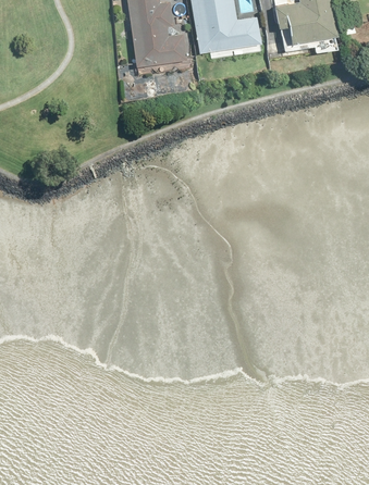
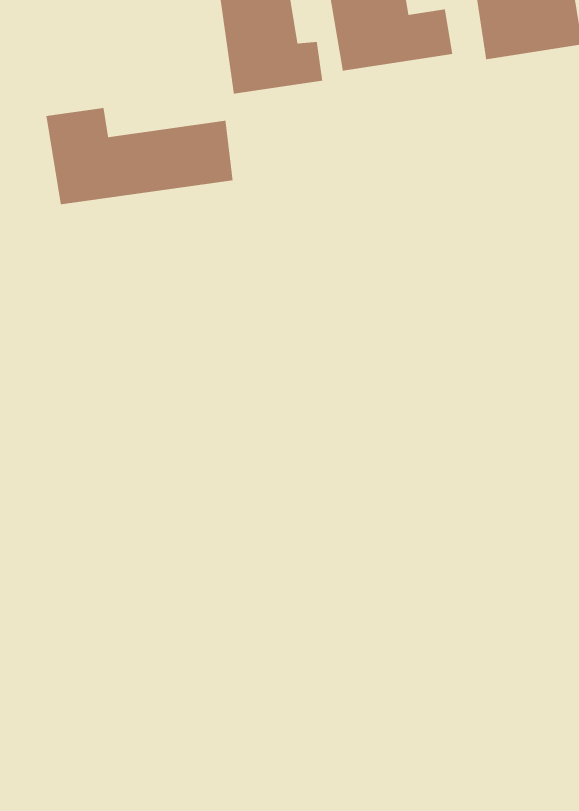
building: none -> [46,107,234,205]

